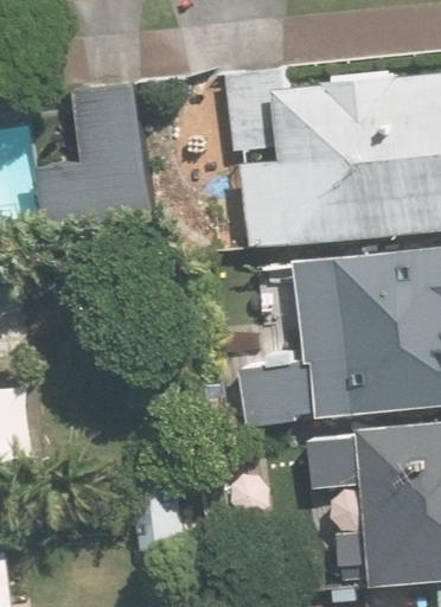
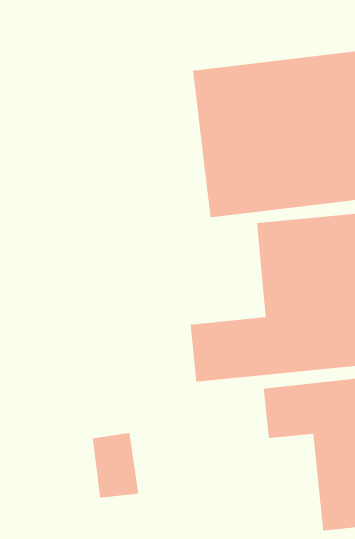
building: [43,90,151,236] -> none

